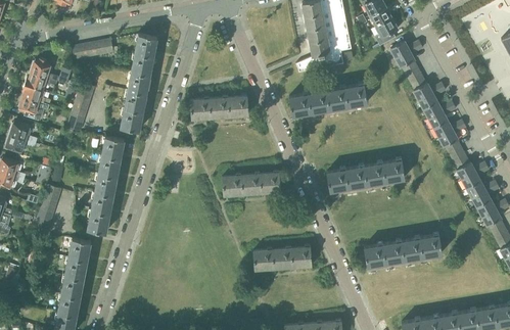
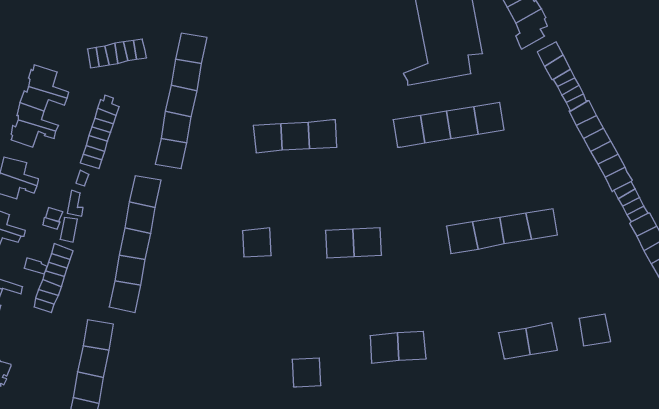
building: [222,176,242,196] -> [242,228,271,257]
building: [402,238,424,261] -> none
building: [253,250,274,271] -> [292,358,321,387]

